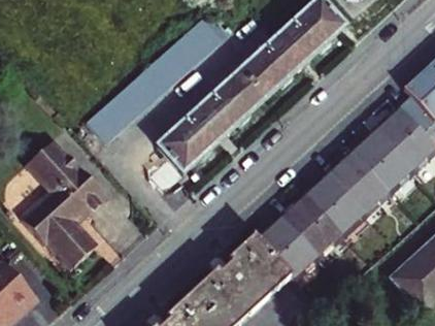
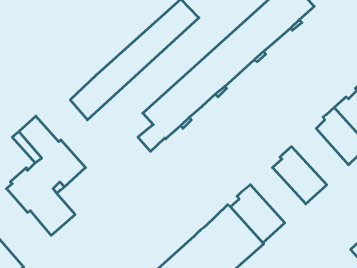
building: [325,152,387,213] -> none
building: [280,194,340,254] -> none

